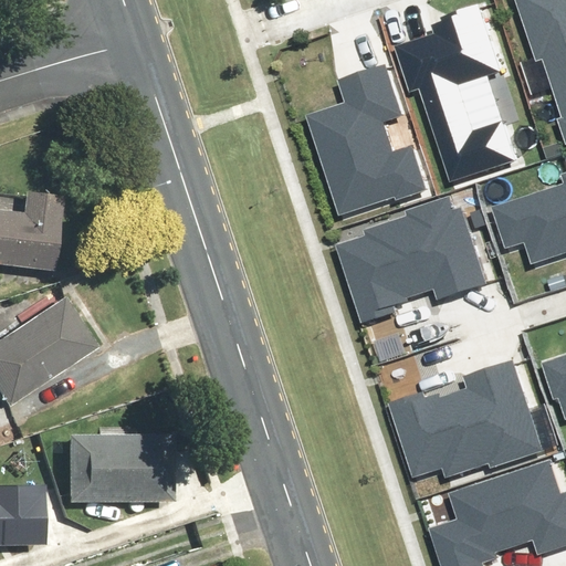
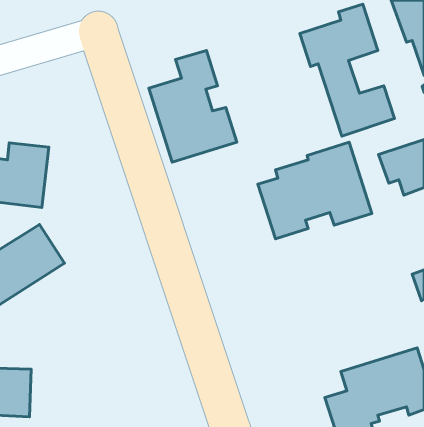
building: [311,66,427,213] -> [149,50,237,162]
building: [392,358,546,478] -> none
building: [65,437,170,505] -> none

